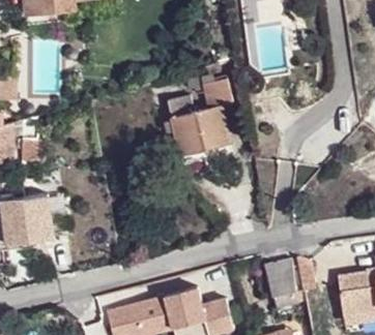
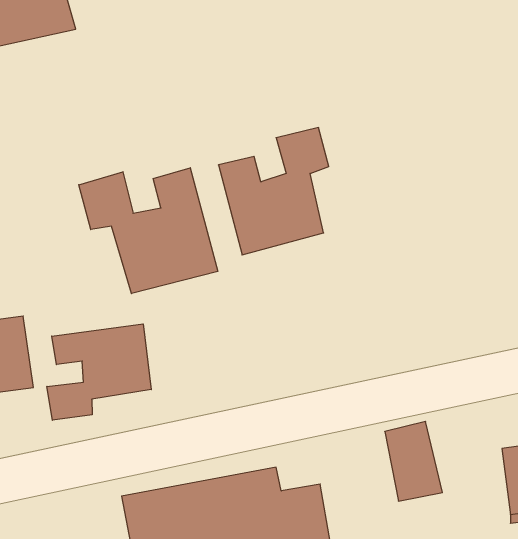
building: none -> [79,168,218,294]
building: none -> [47,324,151,420]

